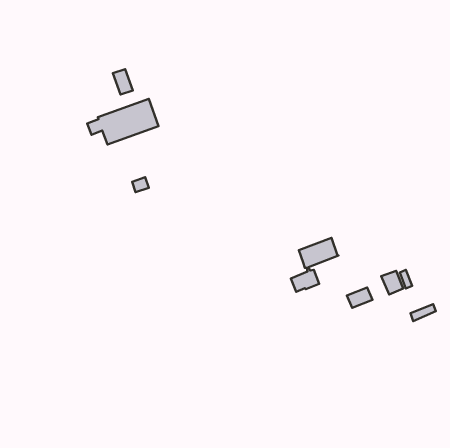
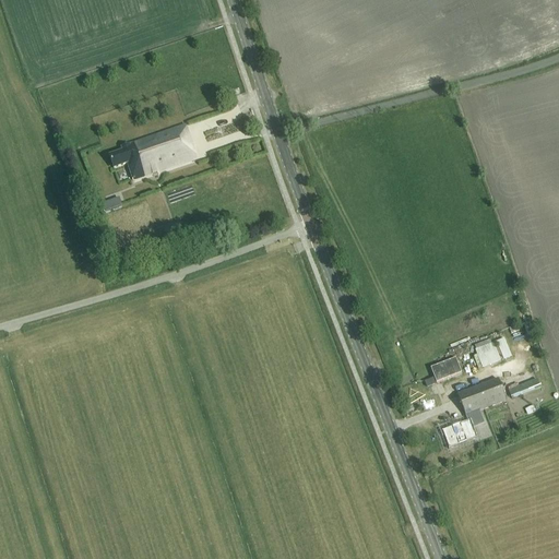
building: [113,69,133,95] -> none
building: [291,238,338,292] -> [448,377,507,443]

